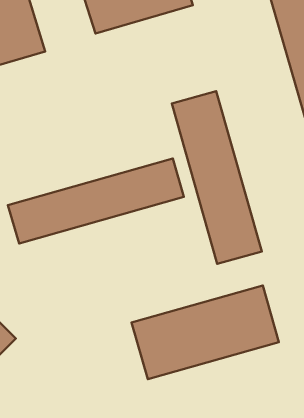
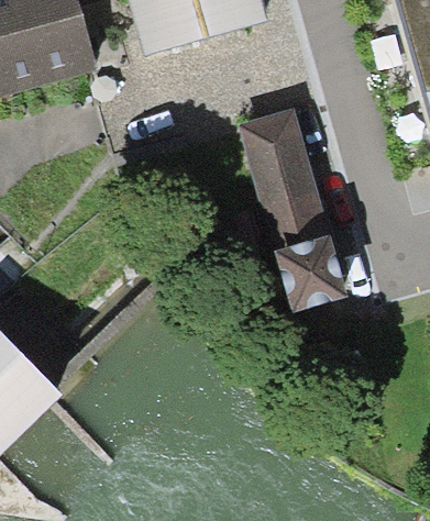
building: [8,159,184,243] -> none
building: [132,286,279,379] -> none

